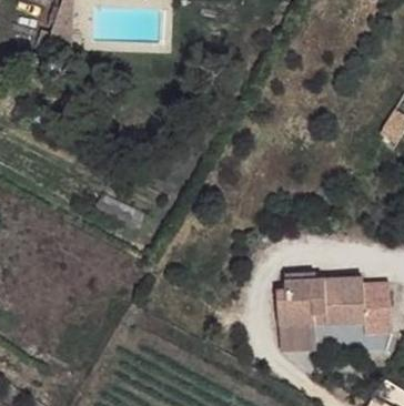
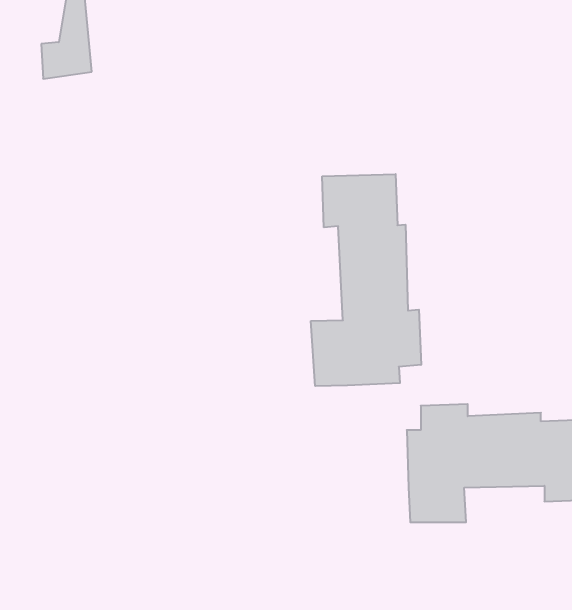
building: none -> [311,174,421,386]

